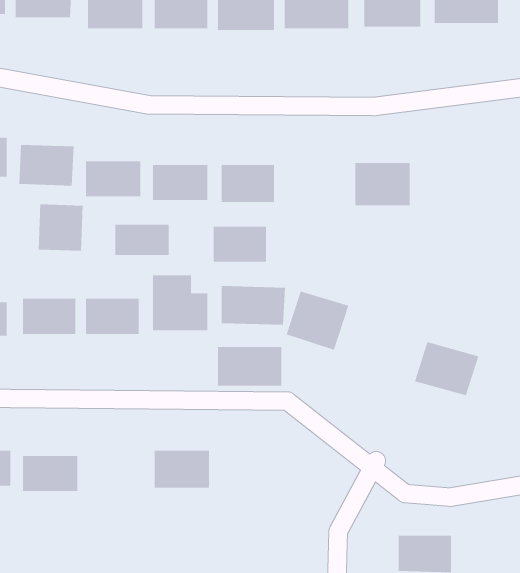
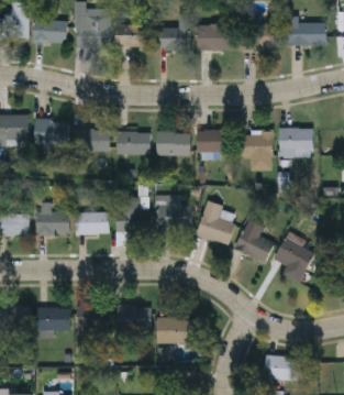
building: none -> [279,127,312,156]
building: [38,204,83,252] -> none
building: [115,224,169,256] -> none
building: [213,226,267,262] -> [197,129,230,151]
building: none -> [234,228,275,264]
building: [217,346,282,386] -> [156,318,196,342]
building: none -> [77,306,110,327]

